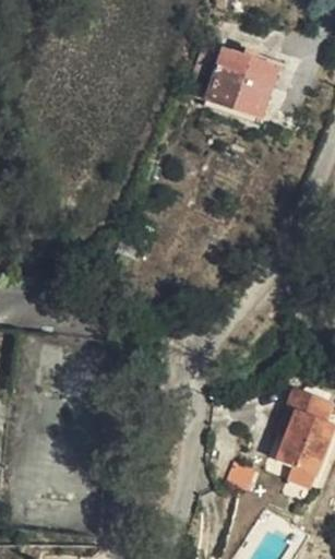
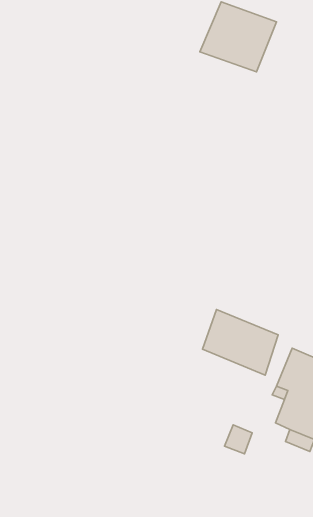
building: none -> [203,310,278,375]

